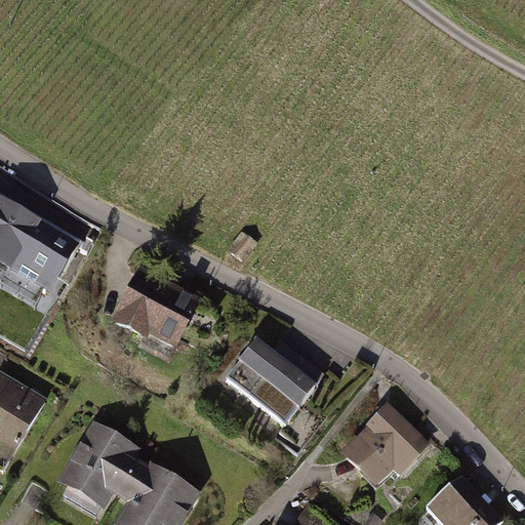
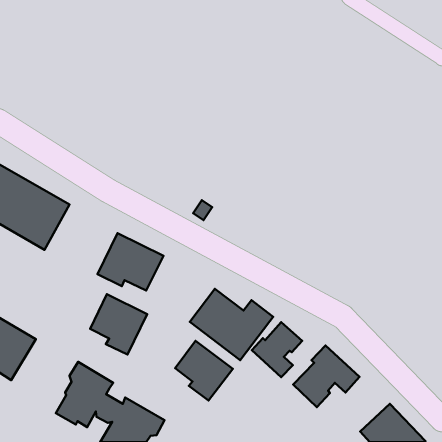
building: none -> [90,294,147,354]
building: none -> [252,322,302,377]
building: none -> [175,341,233,401]

